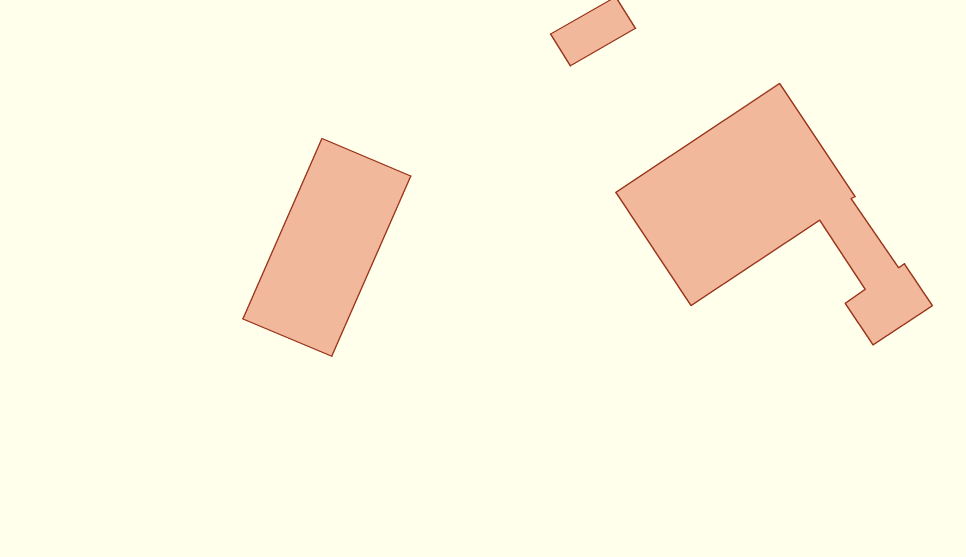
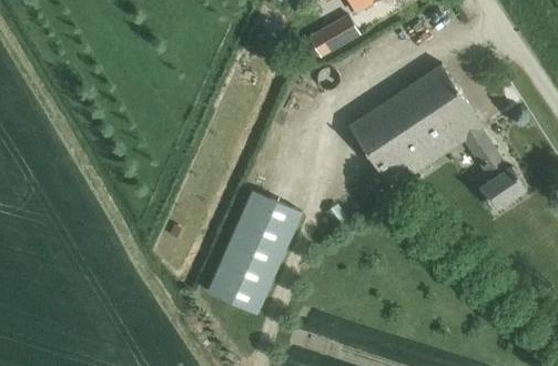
building: [243,139,411,356] -> [207,191,302,313]

